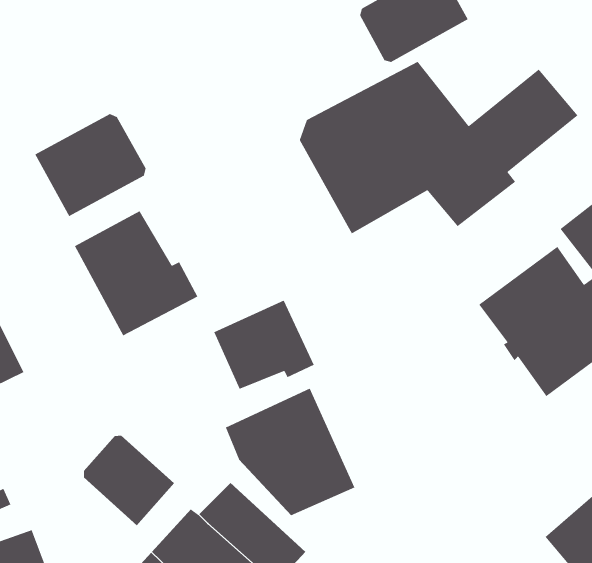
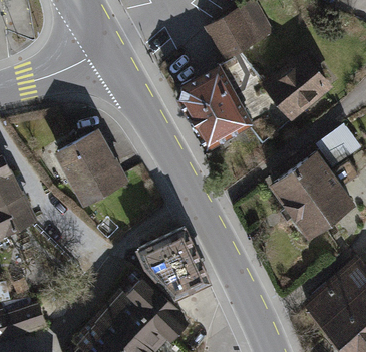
building: [34,113,146,217] -> none
building: [213,300,315,390] -> none
building: [83,435,175,526] -> none

